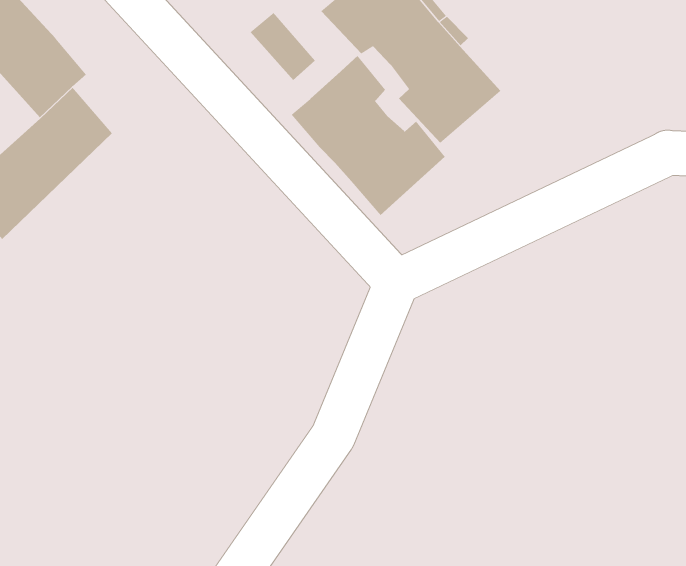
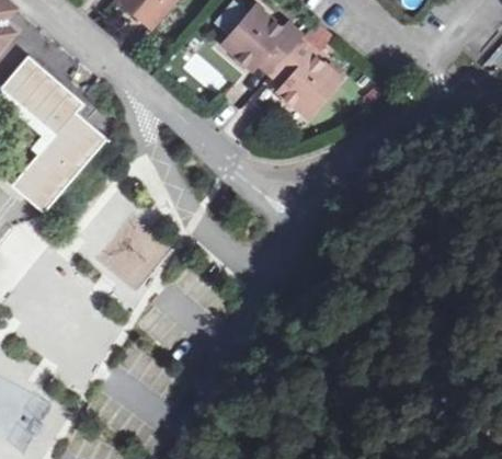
building: [291,55,446,216] -> none

